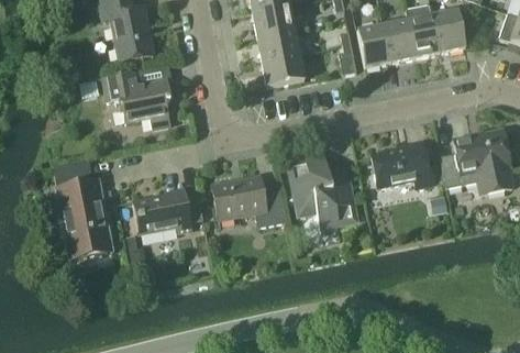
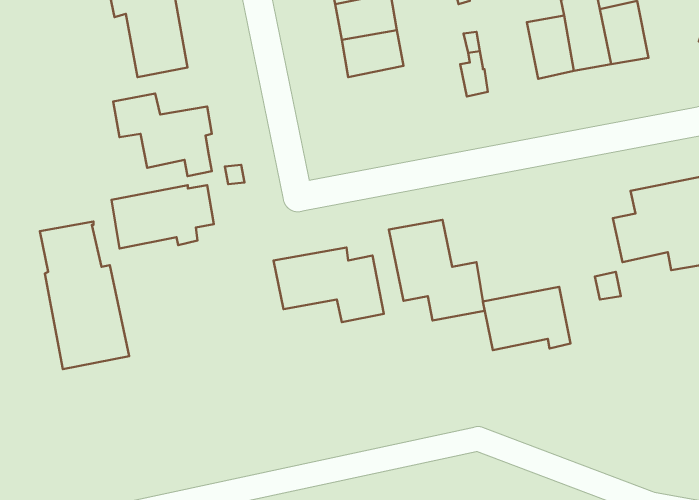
building: [357,23,390,66] -> none
building: [262,53,305,86] -> none
building: [370,144,430,187] -> [483,287,571,350]
building: [133,190,202,233] -> [112,185,214,249]

